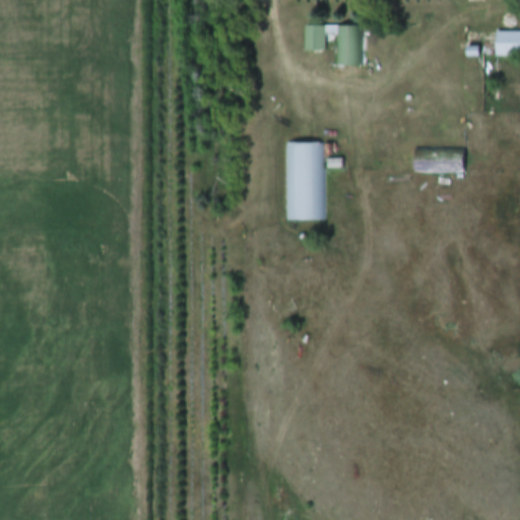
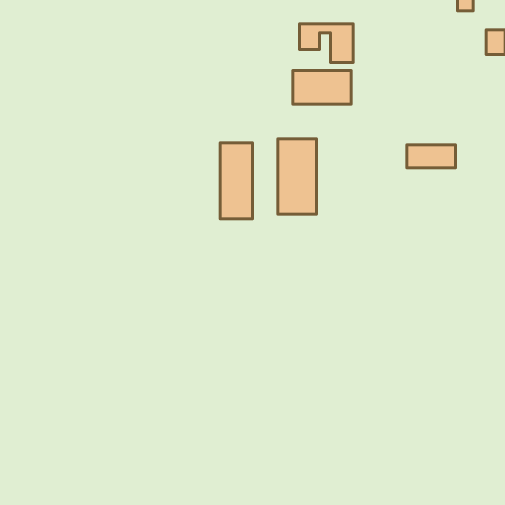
building: none -> [293,70,351,104]
building: none -> [220,143,253,219]

